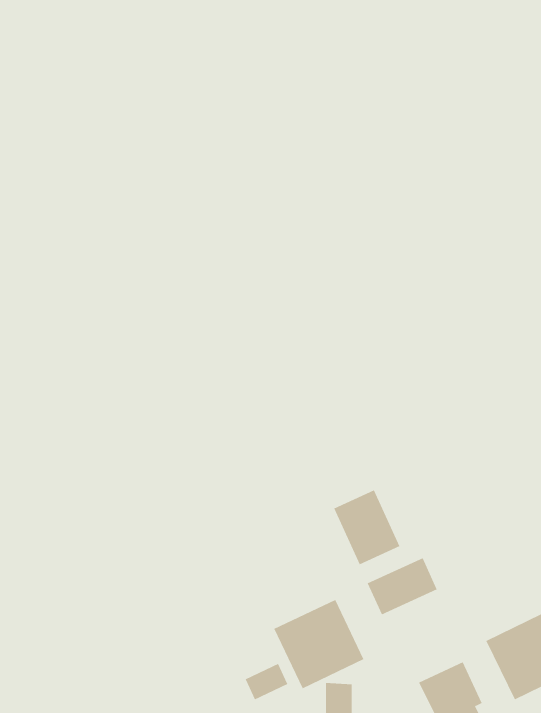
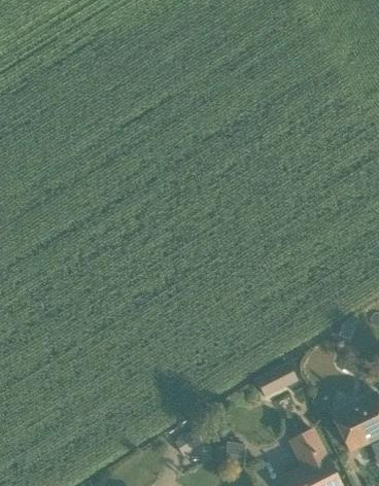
building: [334,490,400,565] -> none
building: [274,599,364,689] -> none

